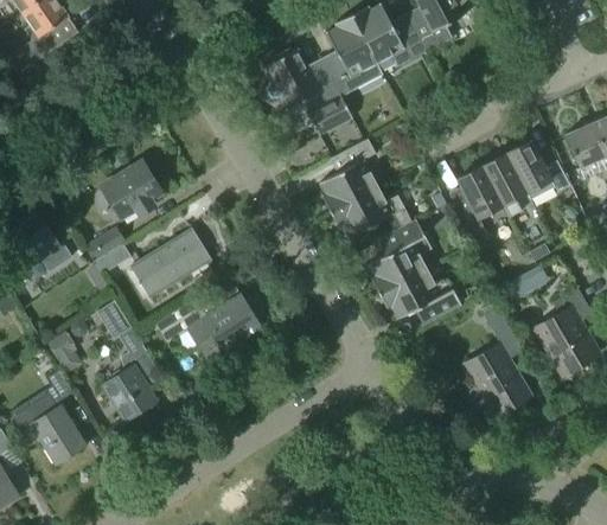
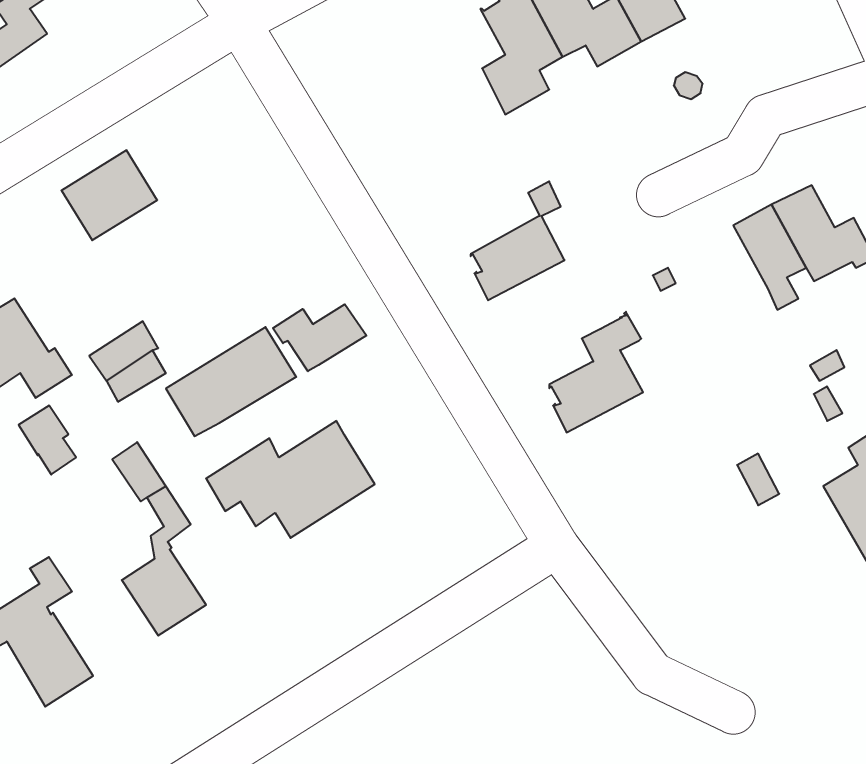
building: [266,47,353,136] -> none
building: [102,162,161,218] -> [61,150,157,240]
building: [458,166,504,245] -> none
building: [331,187,414,238] -> none
building: none -> [273,304,366,371]
building: [379,269,462,320] -> none
building: [47,331,83,373] -> [19,406,76,475]
building: [466,344,531,416] -> none

